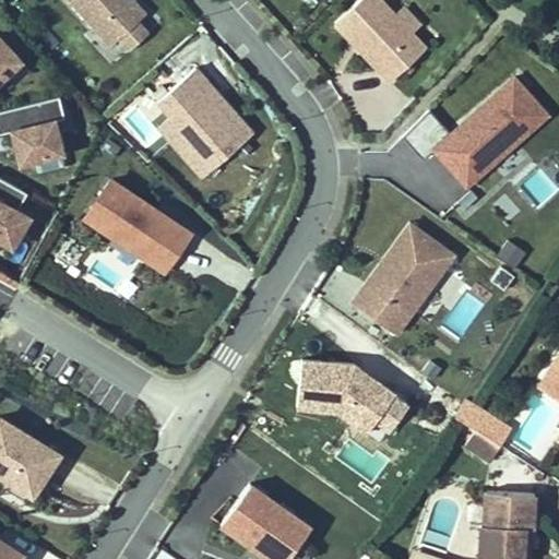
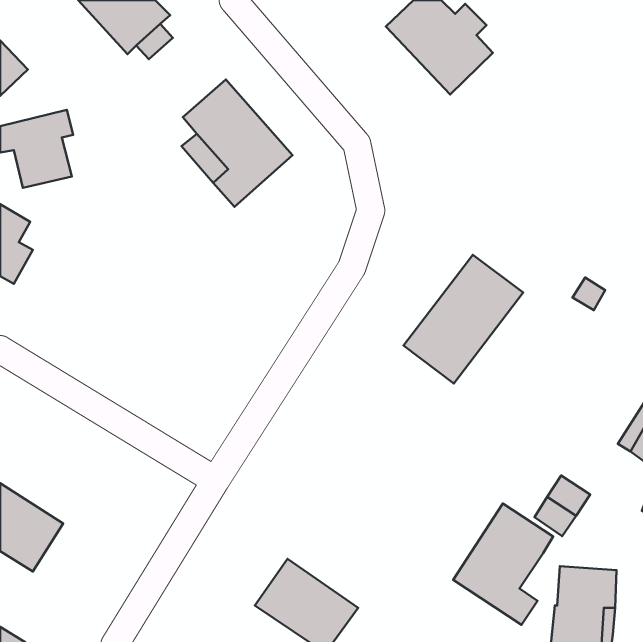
building: [433,78,546,186] -> none
building: [82,180,193,275] -> none
building: [297,359,394,432] -> none
building: none -> [453,504,553,625]

